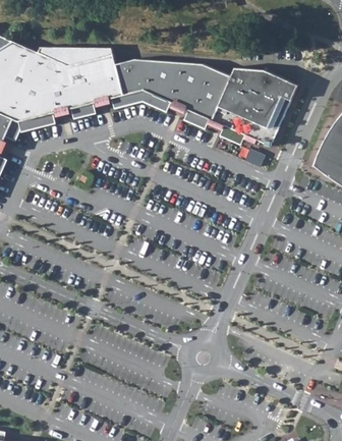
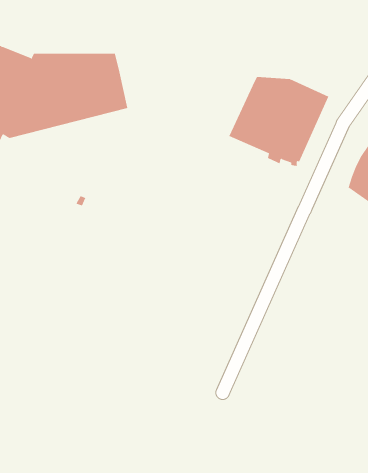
building: [116,60,231,121] -> none

